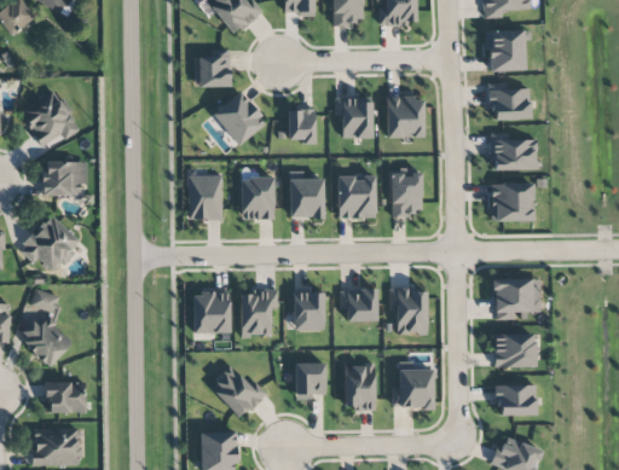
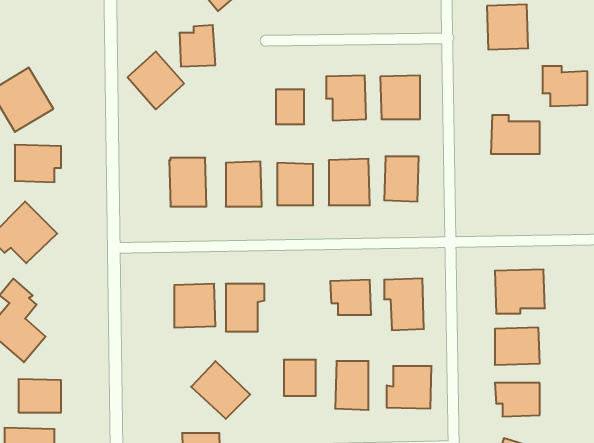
building: [487,82,530,120] -> [542,66,587,106]
building: [212,91,265,145] -> [128,51,184,109]
building: [490,182,533,221] -> none
building: [293,291,325,330] -> none

